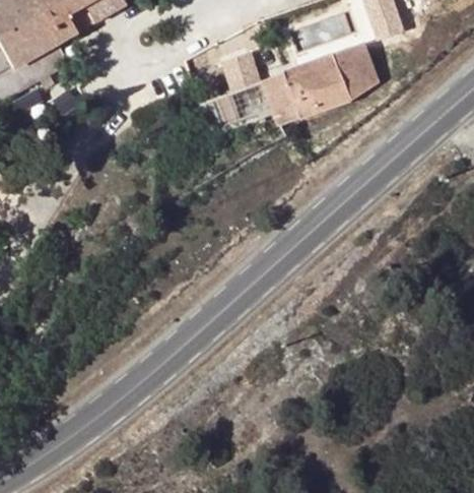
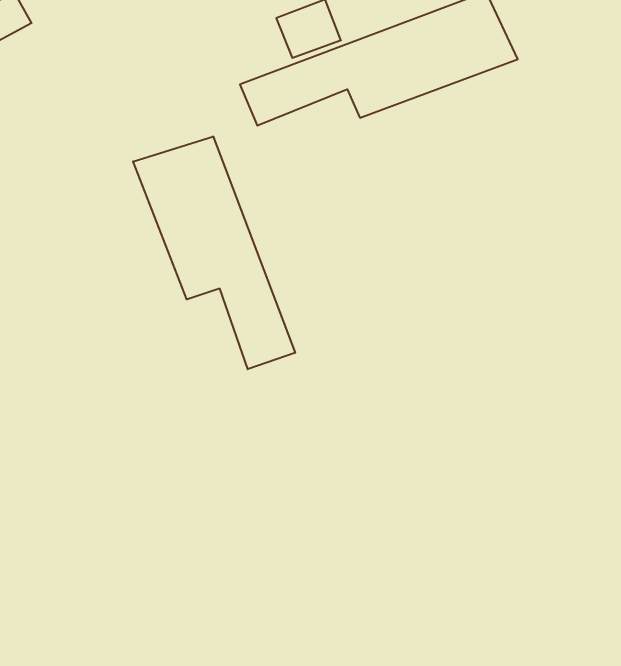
building: none -> [133,136,295,369]

